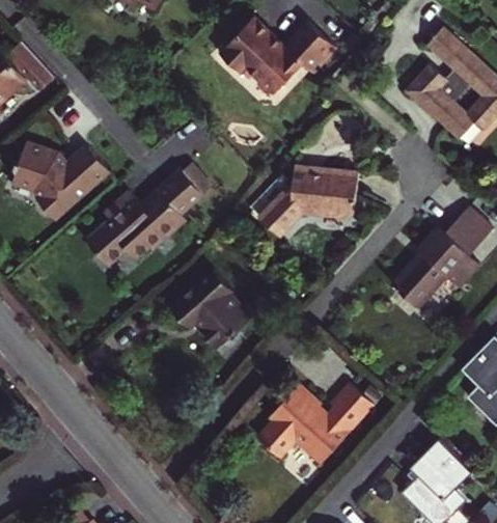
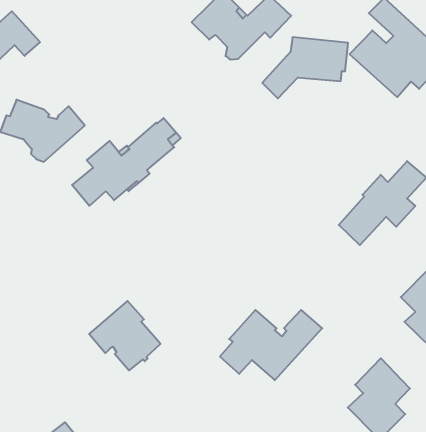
building: [260,166,358,236] -> [262,37,348,98]
building: [171,269,252,348] -> [89,301,160,370]

